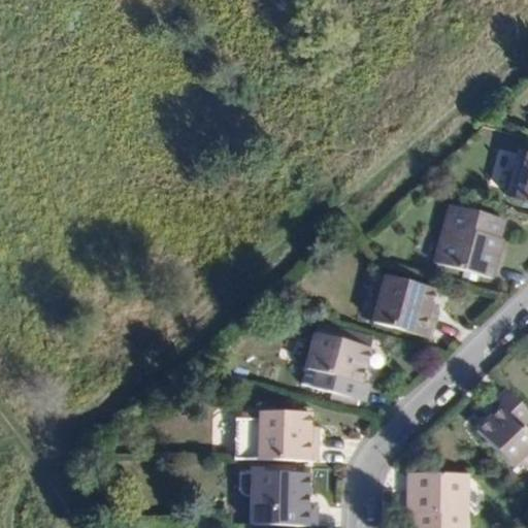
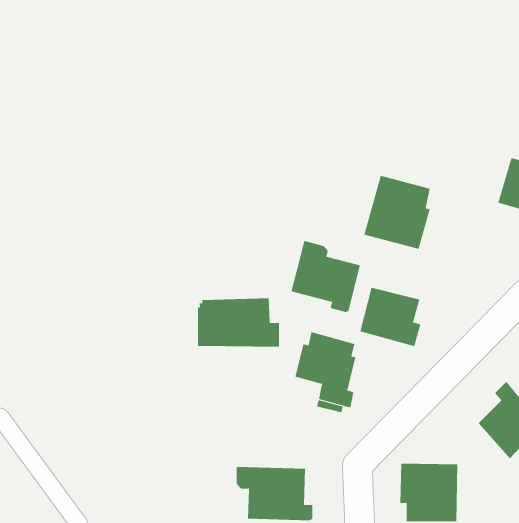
building: [432,217,499,291] -> [364,175,431,249]
building: none -> [291,240,361,313]
building: [239,409,322,459] -> [197,298,280,347]

